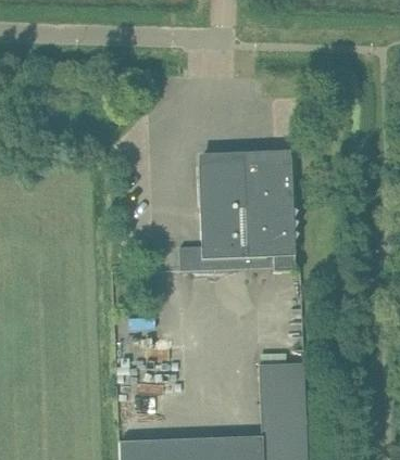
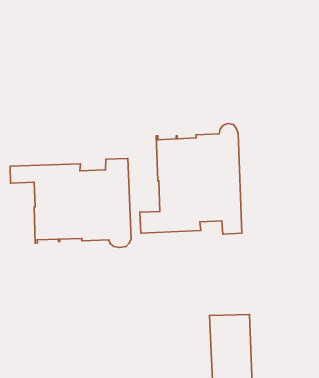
building: none -> [10,159,131,248]

